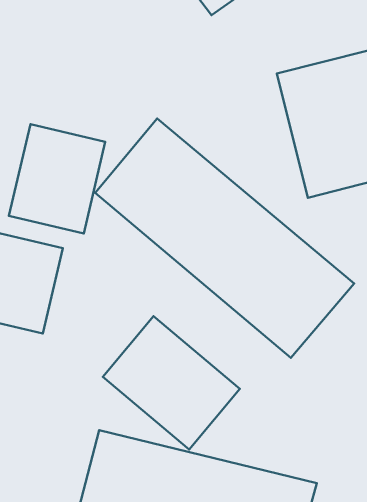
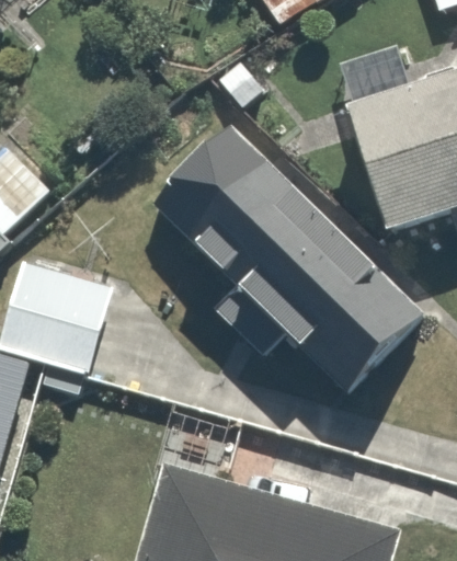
building: [9,124,105,233] -> none
building: [103,316,240,449] -> none

